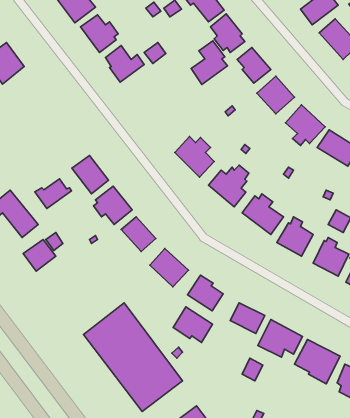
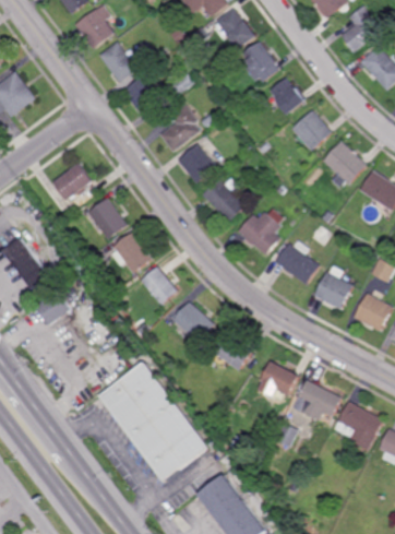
building: [191,41,228,84] -> [159,105,200,153]
building: none -> [177,144,215,183]
building: [35,179,71,208] -> [52,166,93,199]
building: [173,307,212,342] -> none

